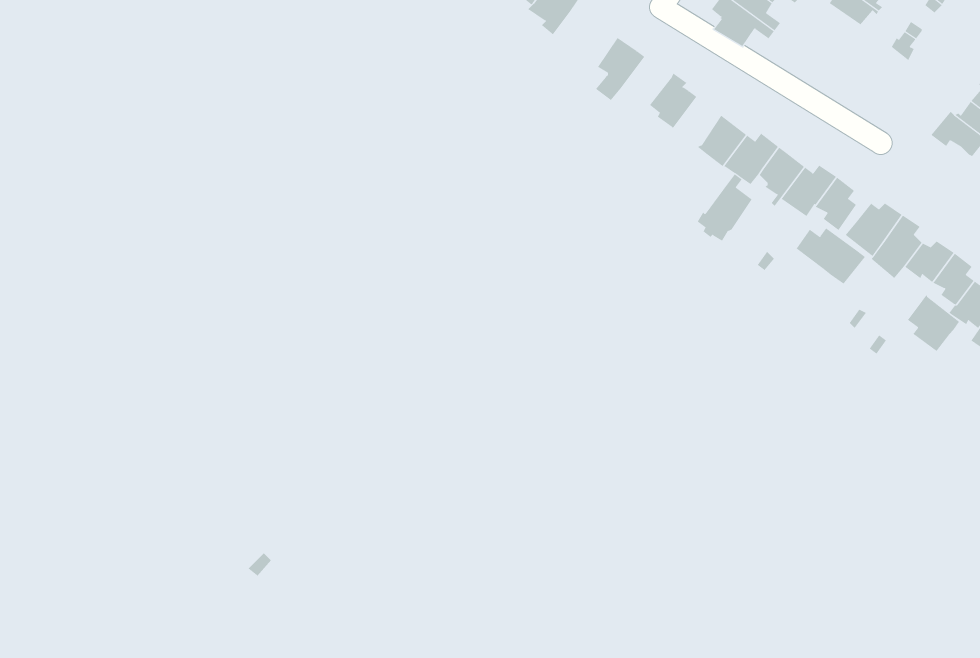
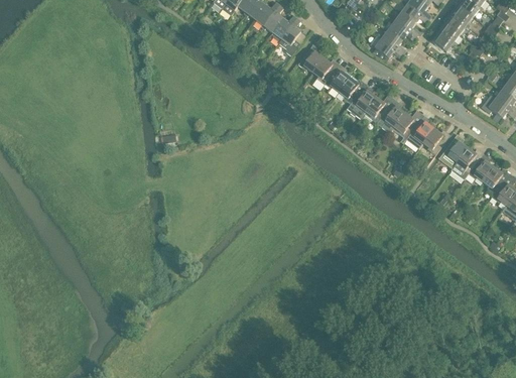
building: none -> [298,43,324,72]
building: none -> [326,67,352,96]
building: [697,174,753,241] -> [348,83,376,117]
building: [796,228,867,284] -> none
building: [907,294,960,352] -> none

